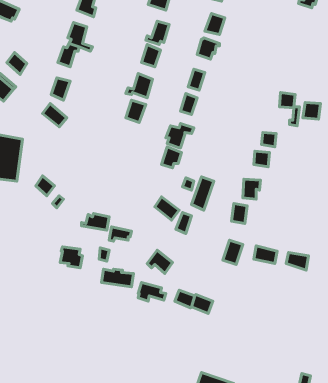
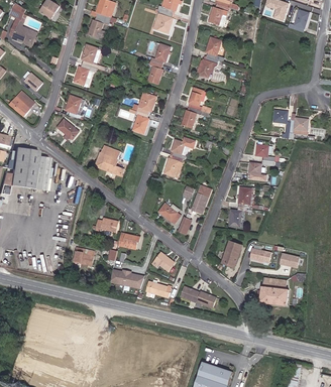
building: none -> [96,145,125,177]
building: none -> [260,276,289,306]

